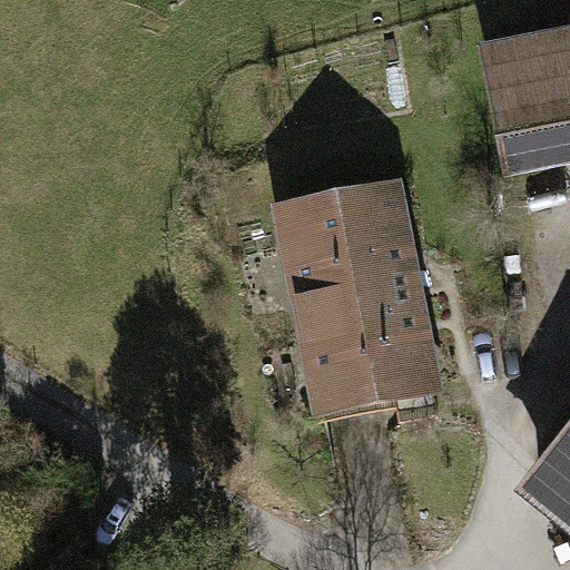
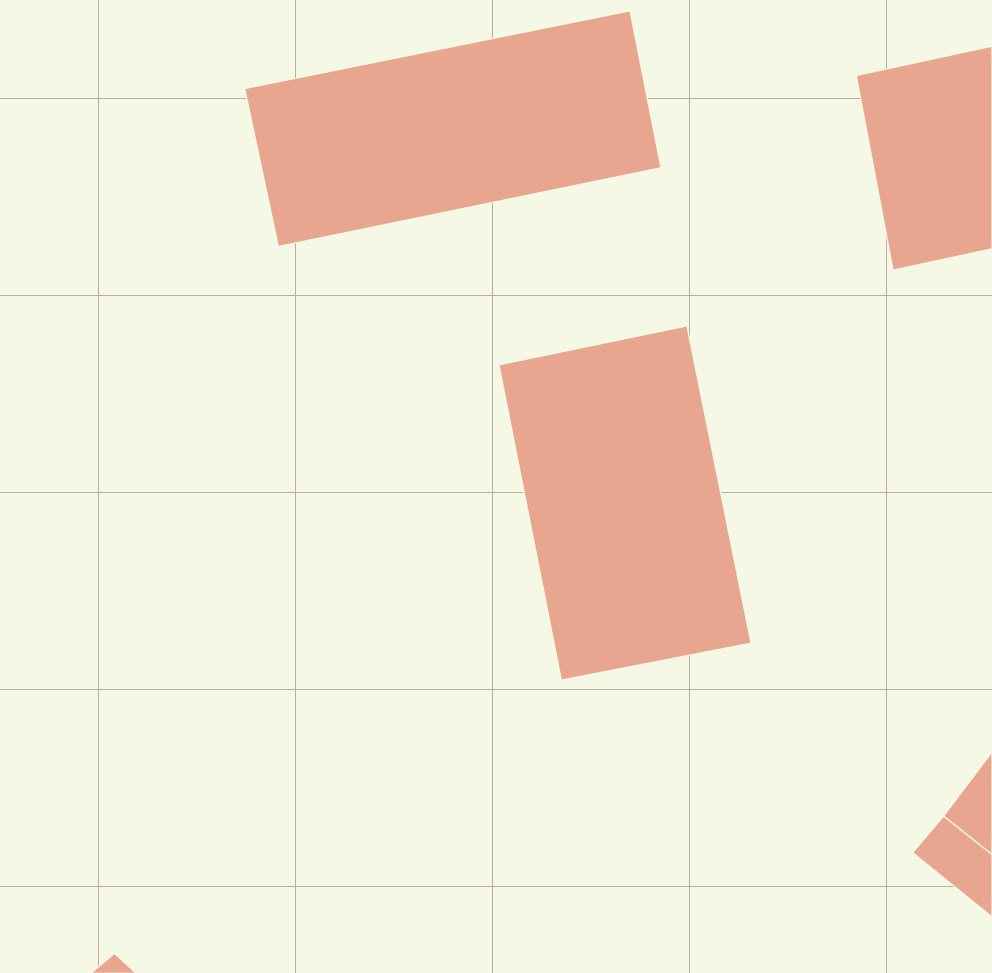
building: none -> [245,11,661,246]

